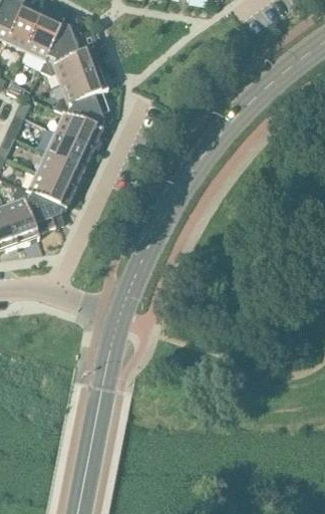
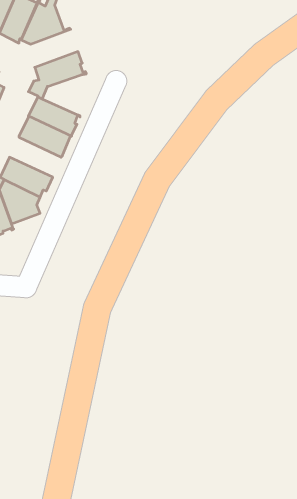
building: [40,48,100,84] -> none
building: [66,91,112,131] -> none
building: [35,151,84,189] -> none

